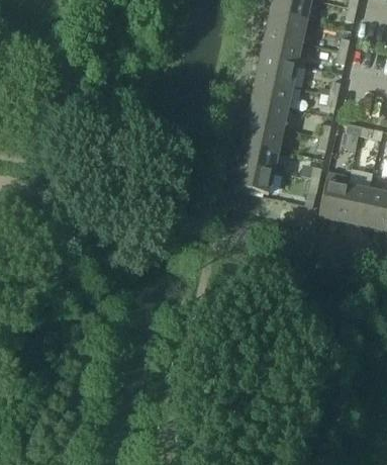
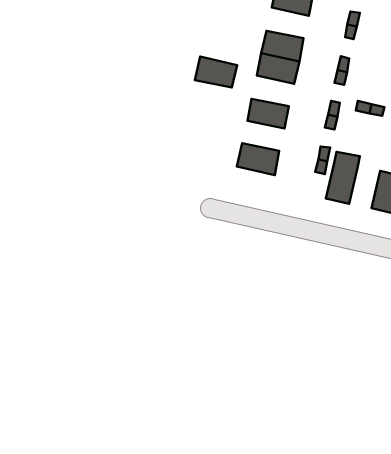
building: [262,33,302,63] -> none
building: [248,98,288,127] -> [195,57,237,87]
building: [238,142,279,170] -> none
building: [341,185,370,224] -> none

